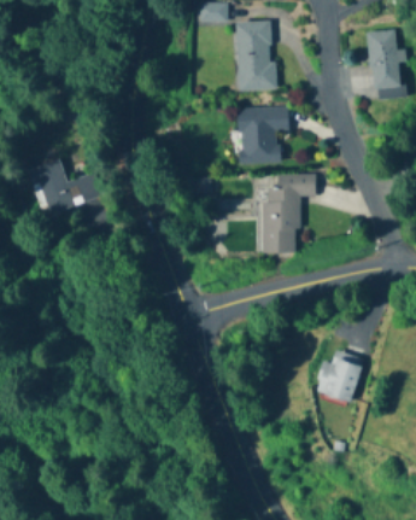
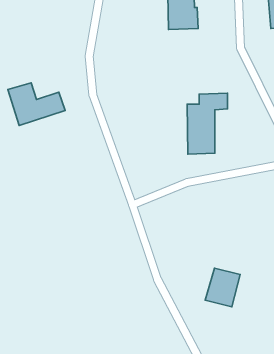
building: [236,106,288,163] -> none
building: [316,350,362,401] -> [205,268,240,307]

